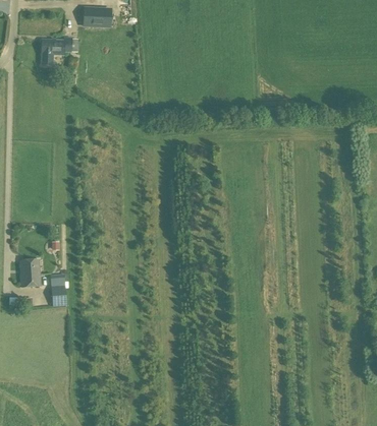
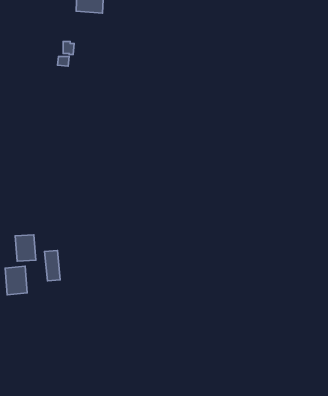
building: [41,37,70,64] -> none
building: none -> [5,266,27,295]

